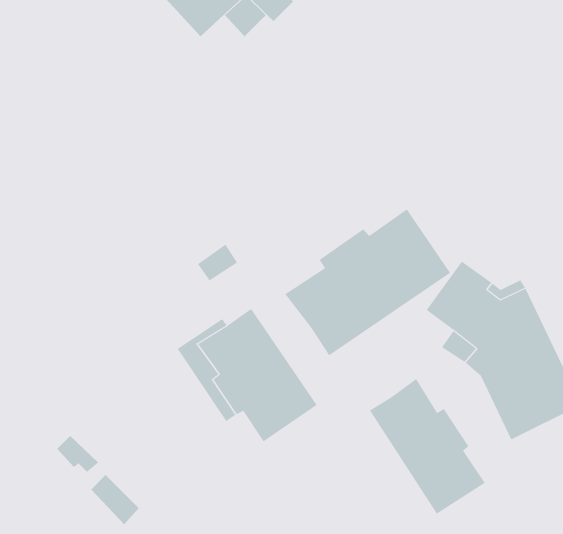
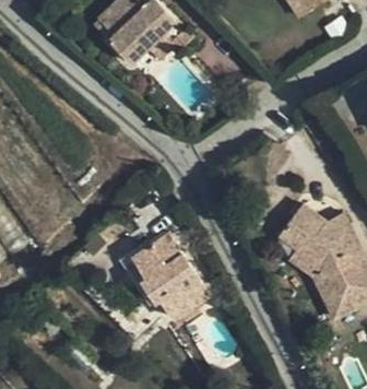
building: [285,209,451,356] -> none
building: [369,378,485,515] -> none

